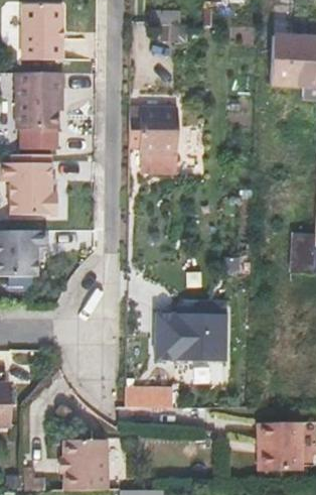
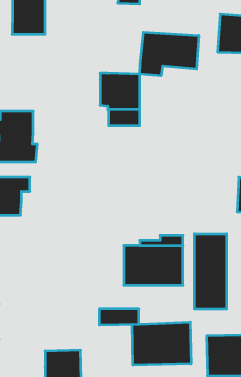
building: none -> [140,32,199,76]
building: [17,74,63,131] -> none
building: none -> [194,234,227,309]
building: none -> [132,322,191,365]

